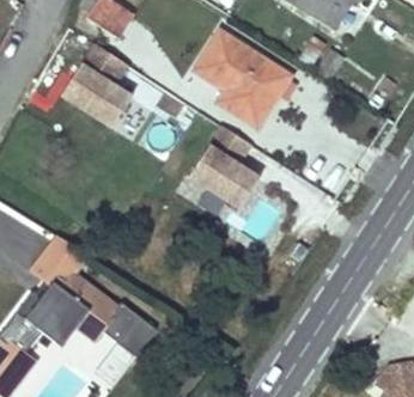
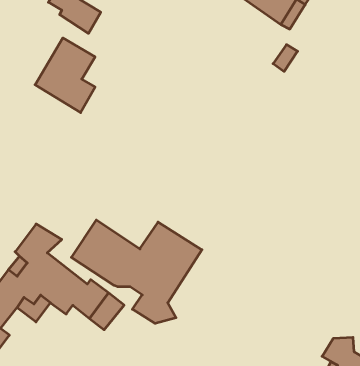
building: [196,31,292,127] -> none
building: [189,126,257,208] -> none
building: none -> [71,220,202,323]

